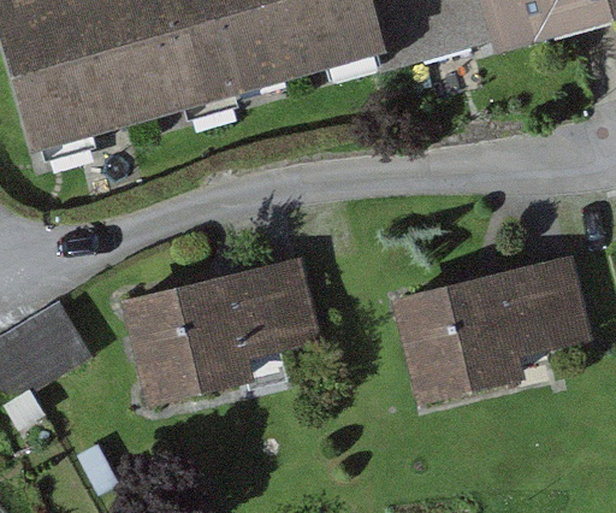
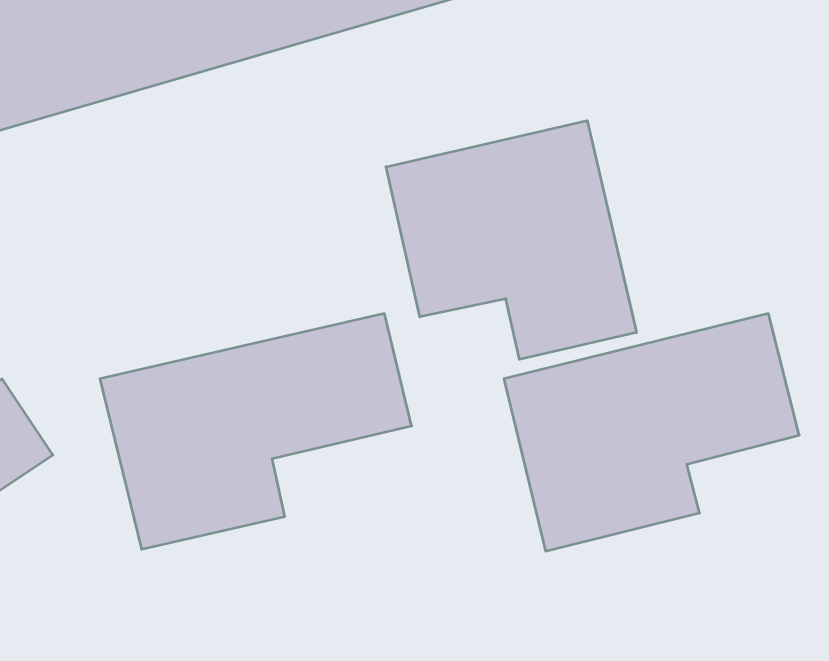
building: none -> [386,121,636,359]

